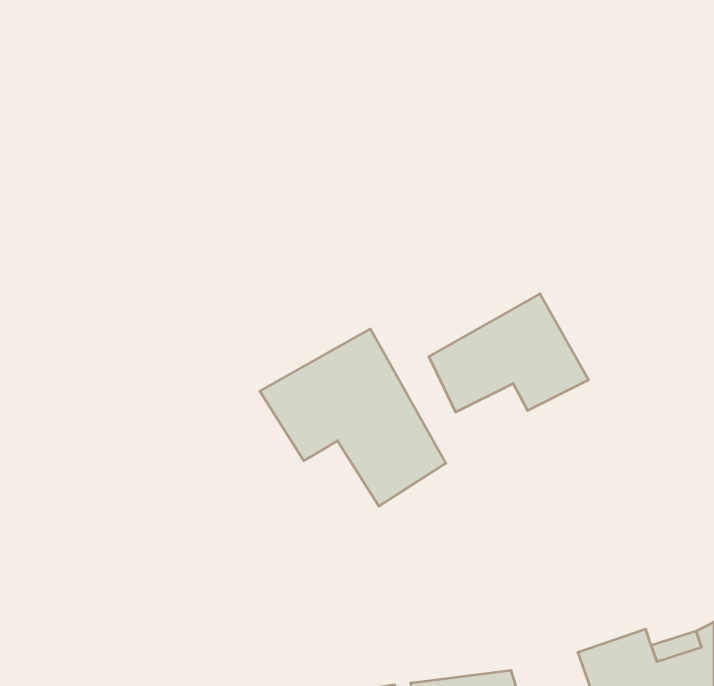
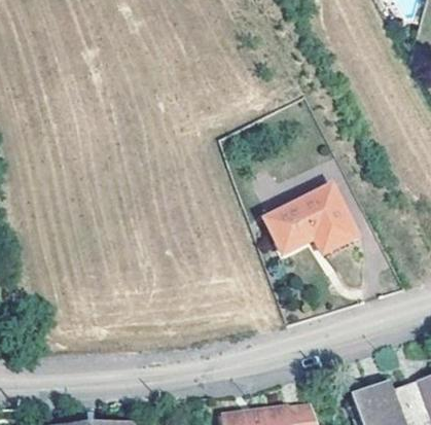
building: [260,329,446,506] -> none

